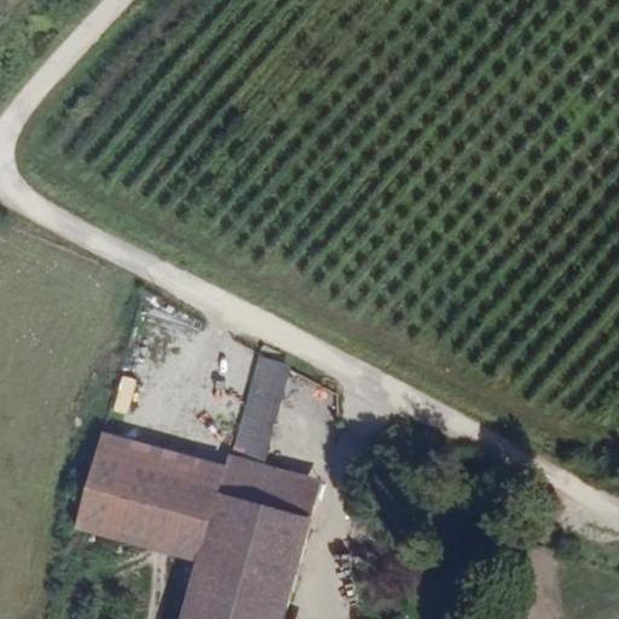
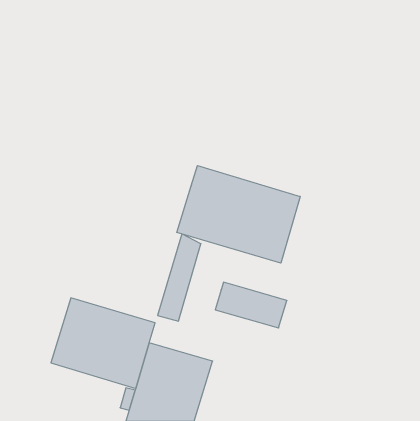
building: none -> [177,166,300,263]
building: [216,458,320,525] -> [215,282,287,328]

